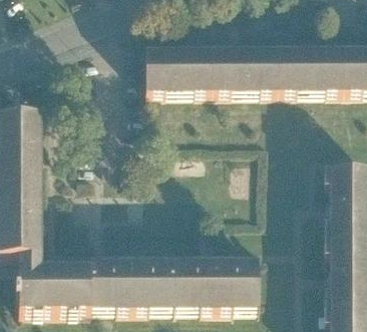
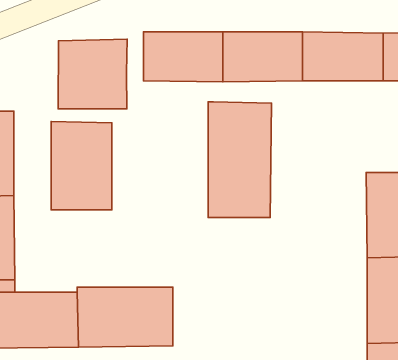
building: none -> [58,39,127,109]
building: none -> [208,102,271,217]
building: none -> [51,121,112,210]
building: [168,261,256,309] -> none

